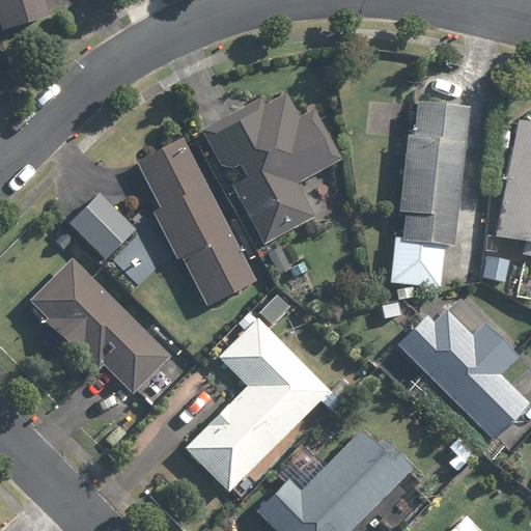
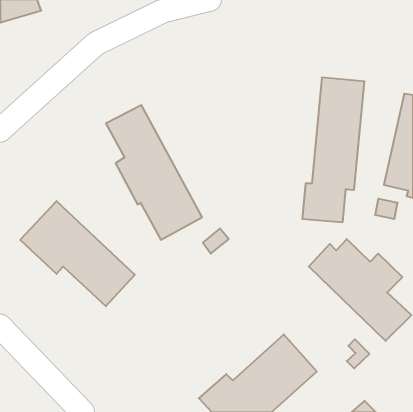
building: [200,91,341,240] -> none
building: [67,191,137,261] -> none
building: [187,319,330,492] -> none

